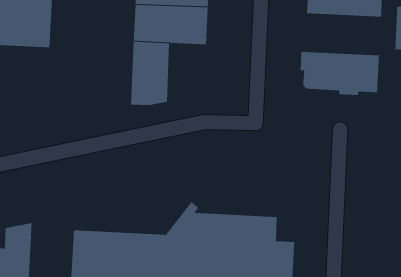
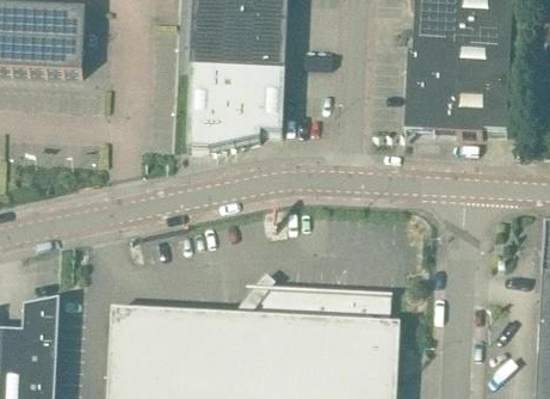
building: none -> [407,27,512,81]
building: none -> [235,66,285,142]

